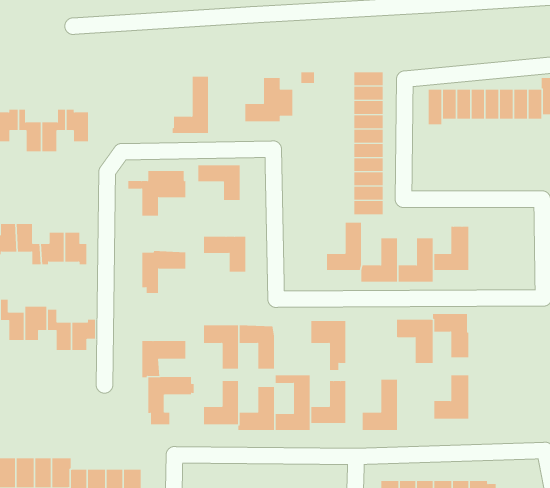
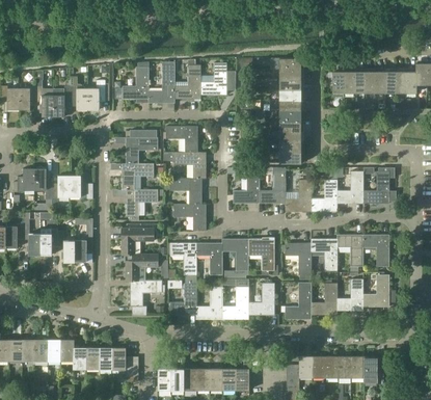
building: none -> [174,60,200,100]
building: none -> [123,68,149,100]
building: none -> [87,81,110,110]
building: none -> [164,152,206,180]
building: none -> [122,164,154,190]
building: none -> [234,171,260,204]
building: none -> [363,171,389,204]
building: none -> [173,205,206,231]
building: none -> [122,229,154,256]
building: none -> [362,235,389,267]
building: none -> [221,240,248,271]
building: none -> [285,243,312,281]
building: none -> [363,276,389,308]
building: none -> [312,284,338,316]

